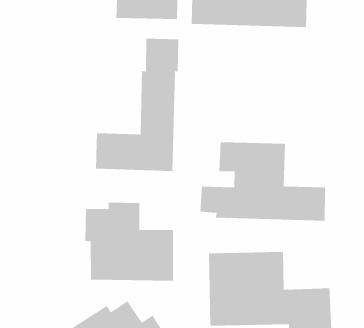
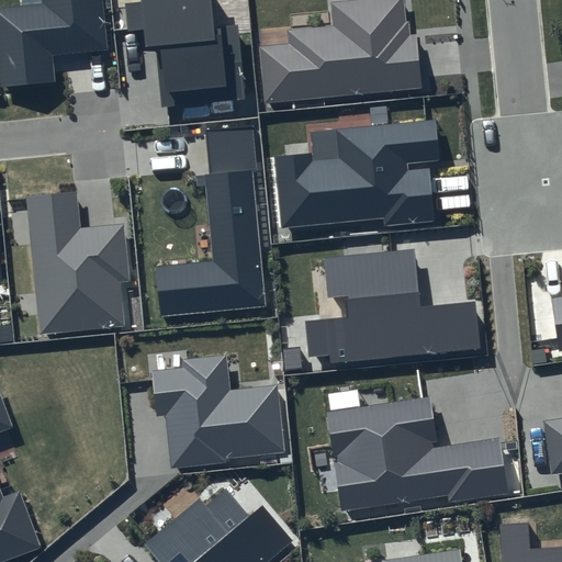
building: none -> [274,120,438,228]
building: none -> [26,192,130,335]

